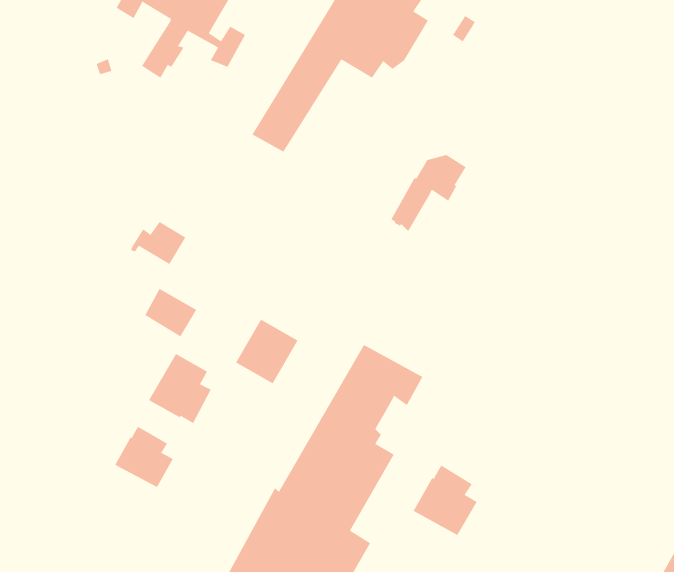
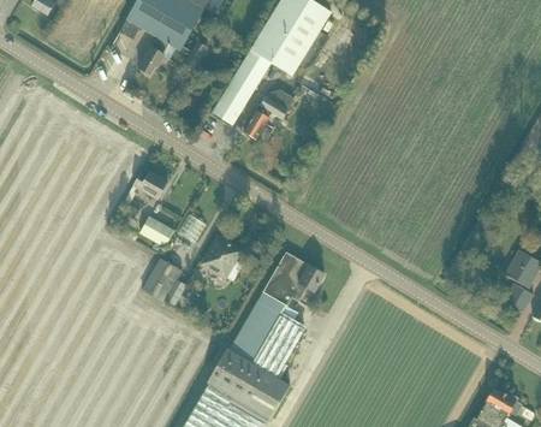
building: [390,154,466,232] -> [243,90,293,142]
building: [115,426,173,488] -> none
building: [413,465,478,536] -> none

